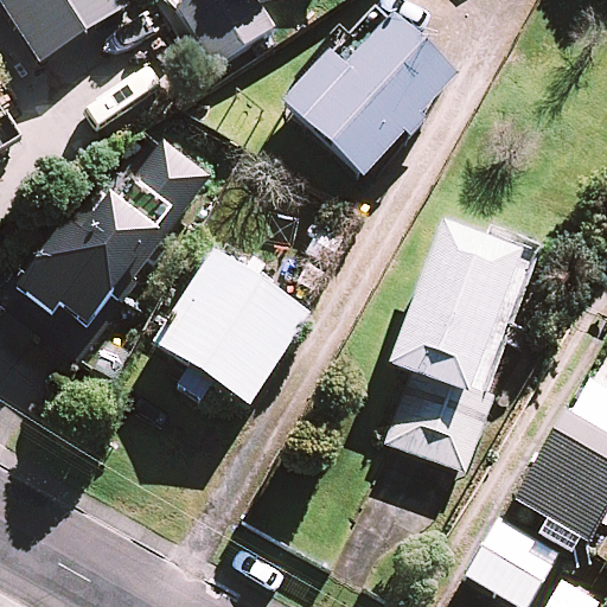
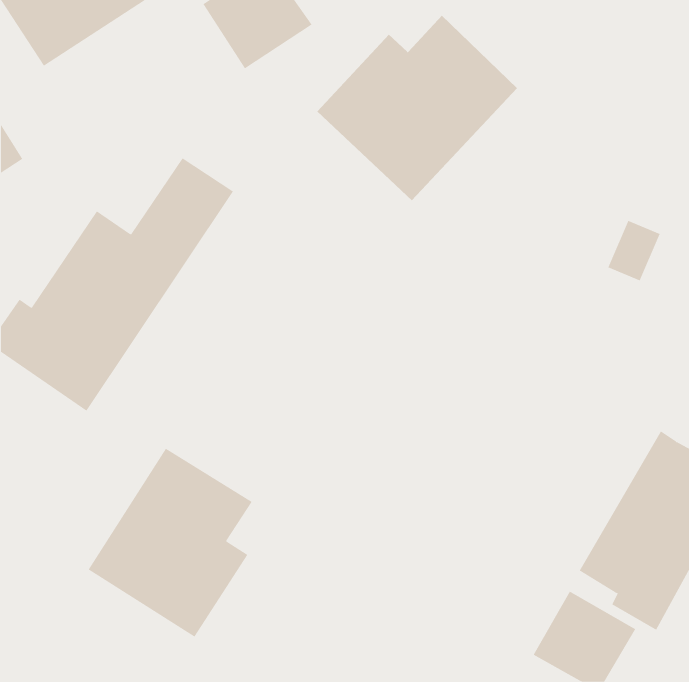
building: [389,219,537,467] -> none
building: [158,245,312,401] -> none
building: none -> [88,448,252,638]

